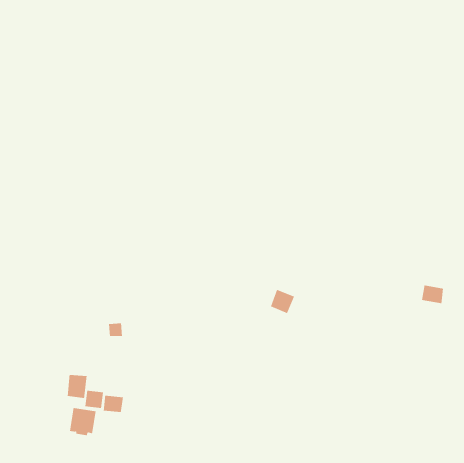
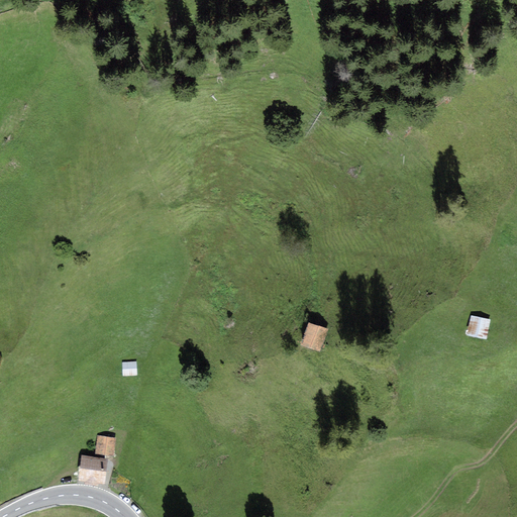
building: [67,374,87,399] -> none
building: [103,395,123,413] -> none

